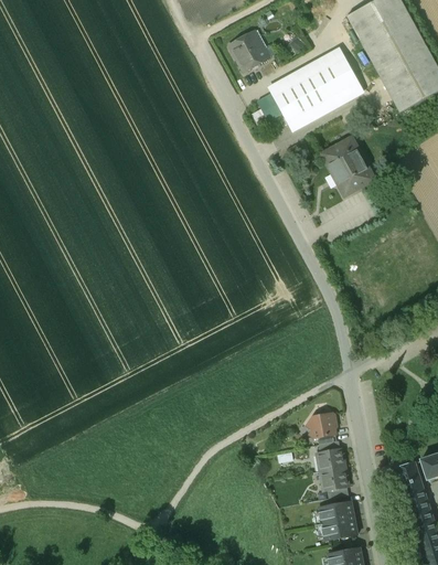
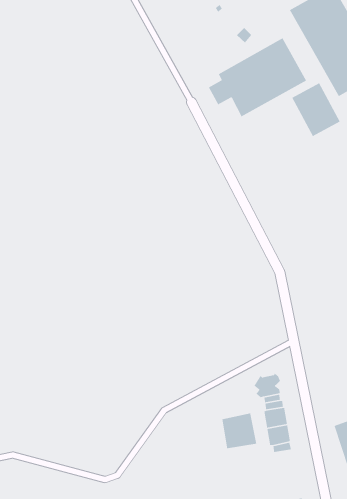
building: [229,30,268,71] -> none
building: [320,137,374,196] -> [291,82,341,137]
building: [318,500,356,540] -> [221,413,257,449]

